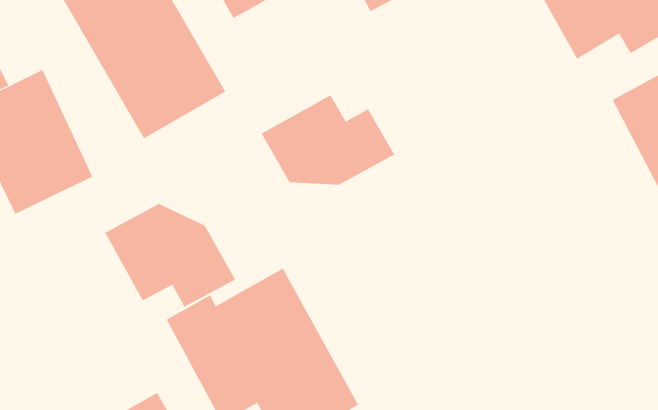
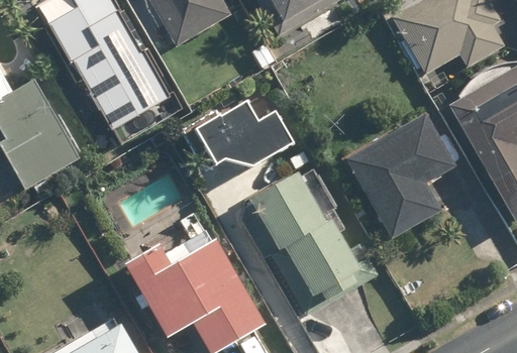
building: none -> [348,115,457,236]
building: none -> [232,167,363,320]
building: [104,203,236,307] -> none

